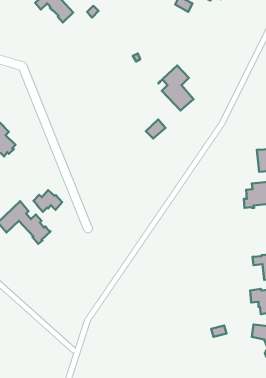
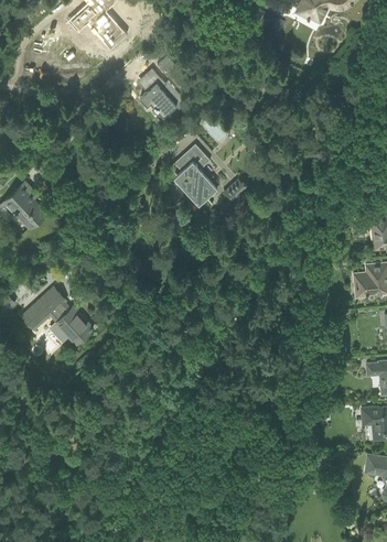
building: none -> [140,67,176,115]
building: [159,66,194,111] -> [169,143,216,204]
building: [34,190,62,212] -> none

